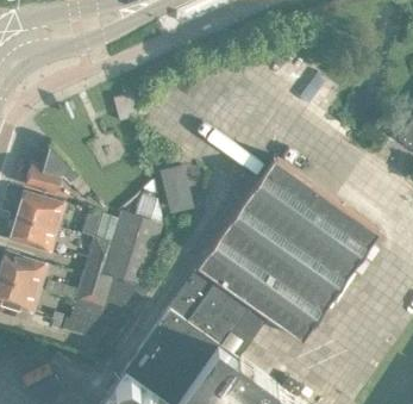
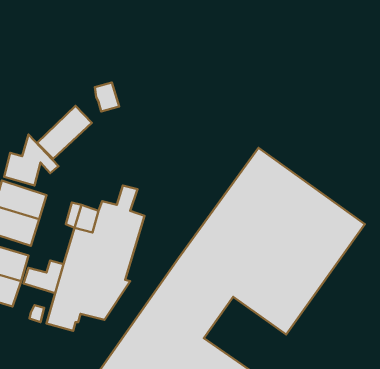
building: none -> [37,106,92,159]
building: [161,168,190,213] -> none

